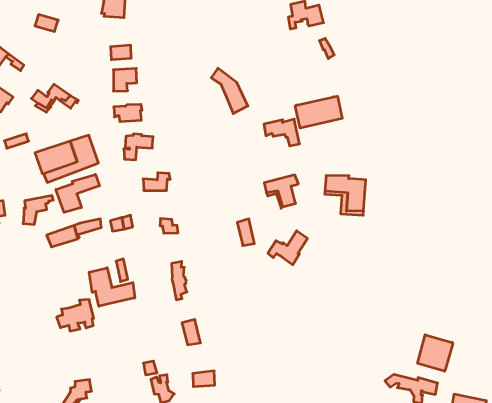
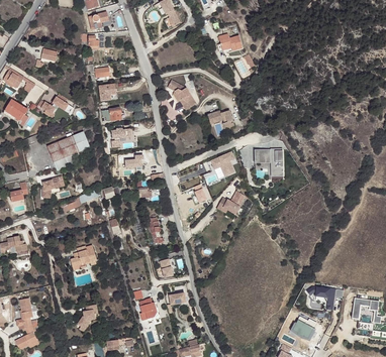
building: [295,96,342,128] -> none
building: [56,174,99,212] -> none
building: [89,268,135,306] -> none
building: [418,335,453,371] -> none

